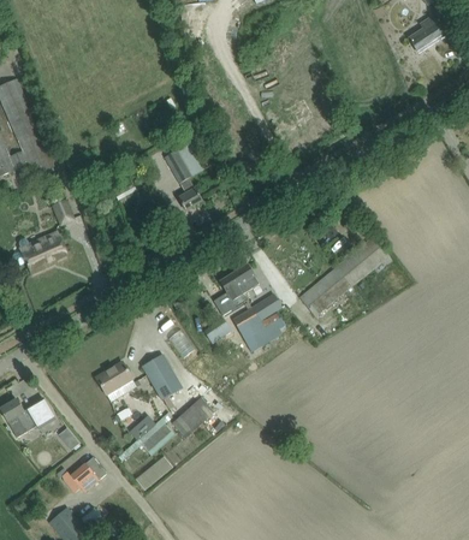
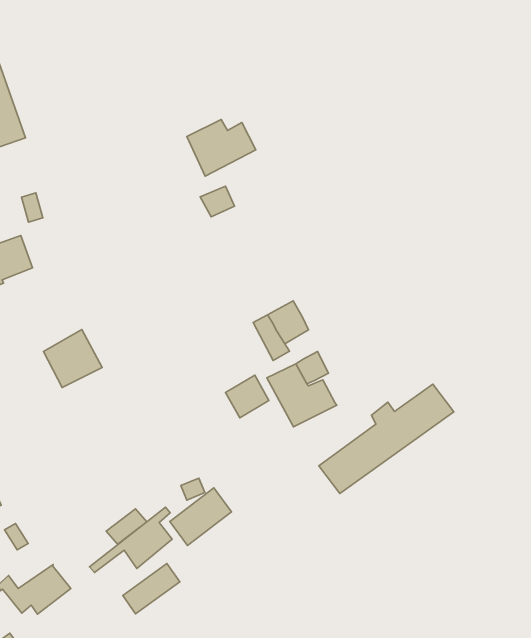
building: [298,236,388,315] -> [319,384,454,493]
building: [141,354,182,398] -> none
building: [95,360,136,400] -> [44,329,102,388]

